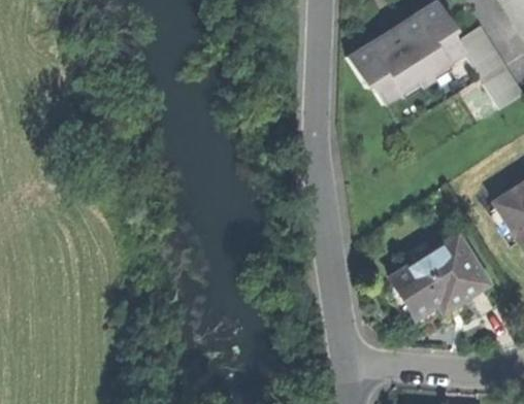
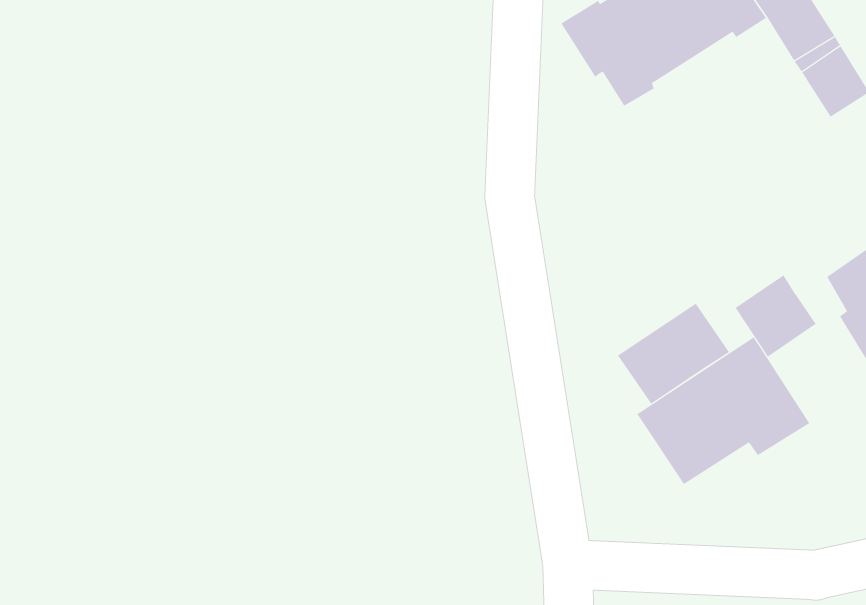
building: none -> [735,274,817,357]
building: none -> [617,303,730,404]

